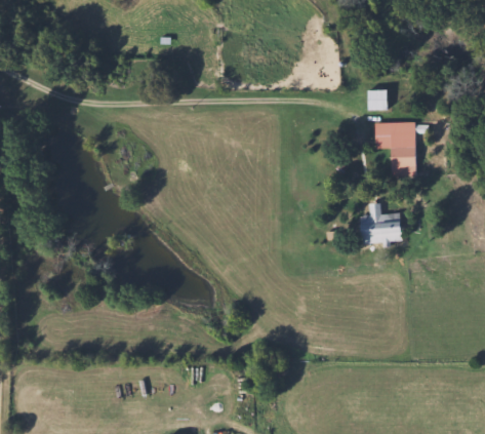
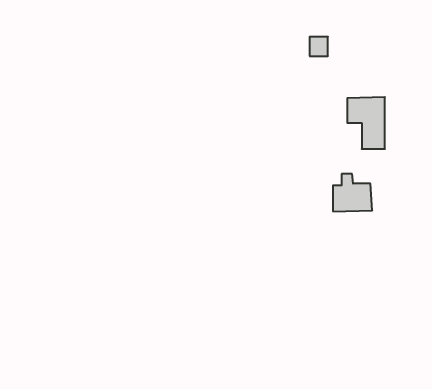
building: [367,89,387,110] -> [310,37,328,56]

